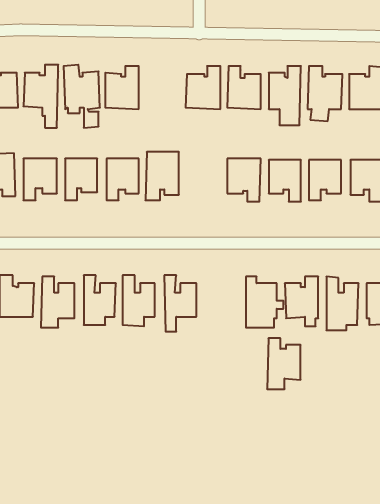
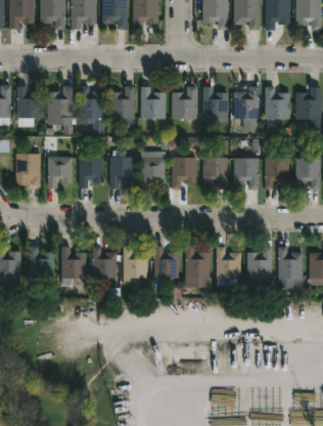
building: none -> [140,87,166,119]
building: none -> [172,158,196,190]
building: [267,338,301,389] -> [184,248,210,287]

